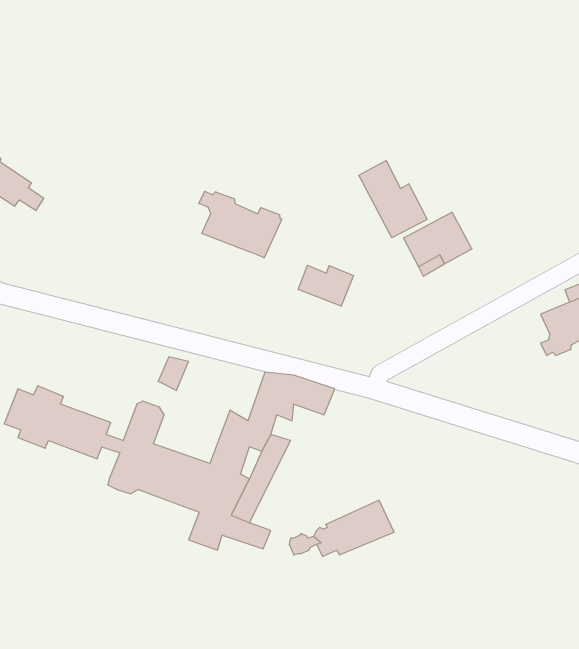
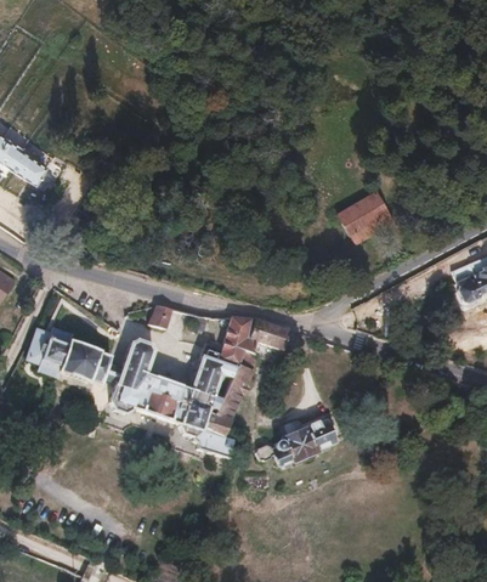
building: [359,161,427,238] -> none
building: [199,191,282,258] -> none
building: [298,265,353,306] -> none

